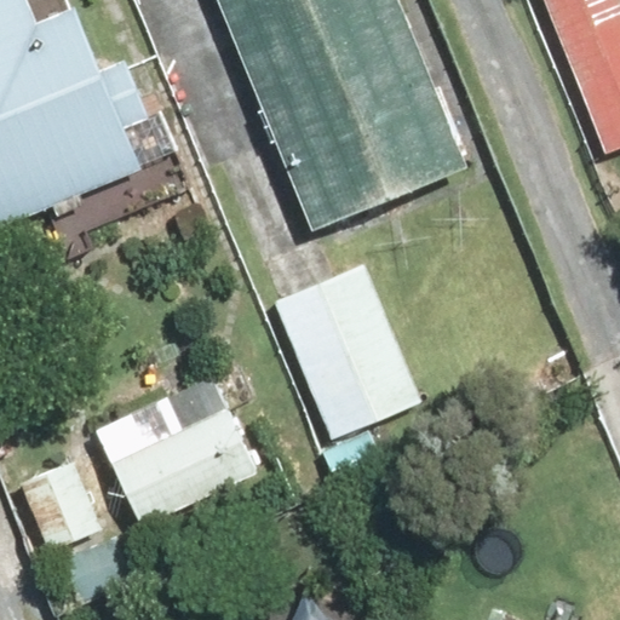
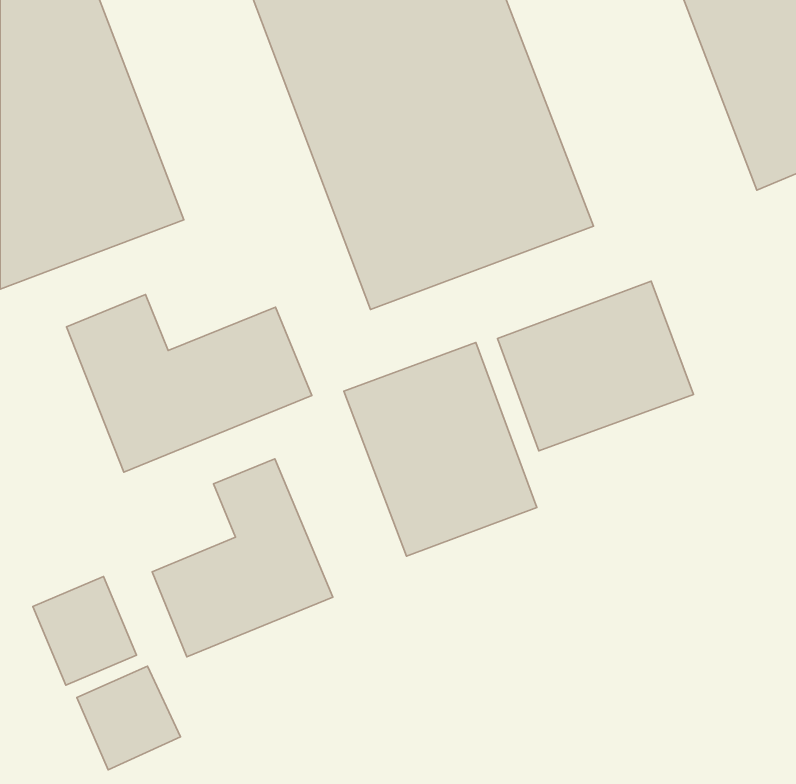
building: none -> [497,281,694,451]
building: none -> [67,295,312,472]

